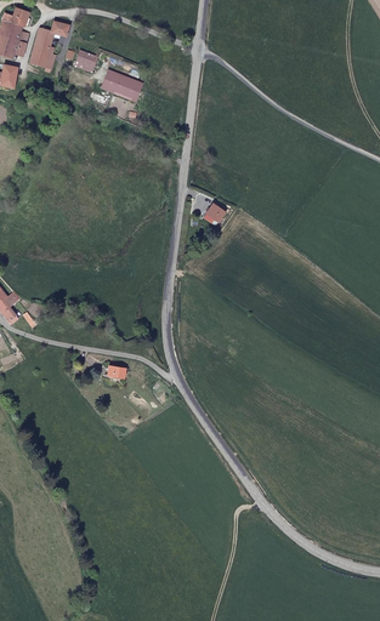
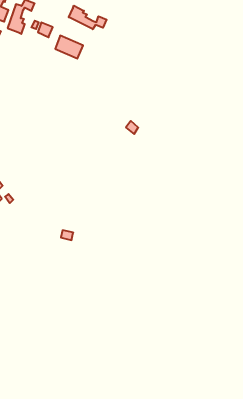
building: none -> [69,6,107,29]

